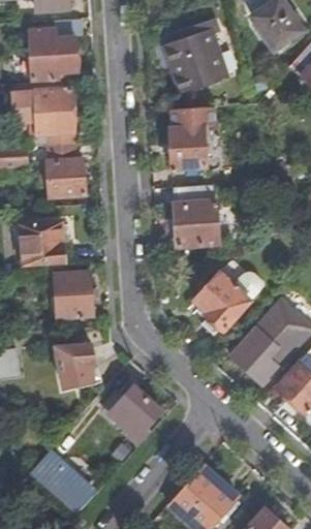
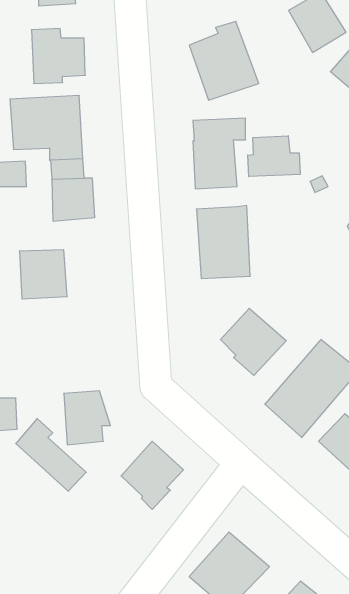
building: none -> [248,136,300,177]
building: [54,270,92,315] -> none
building: [34,446,95,509] -> [16,418,86,491]

